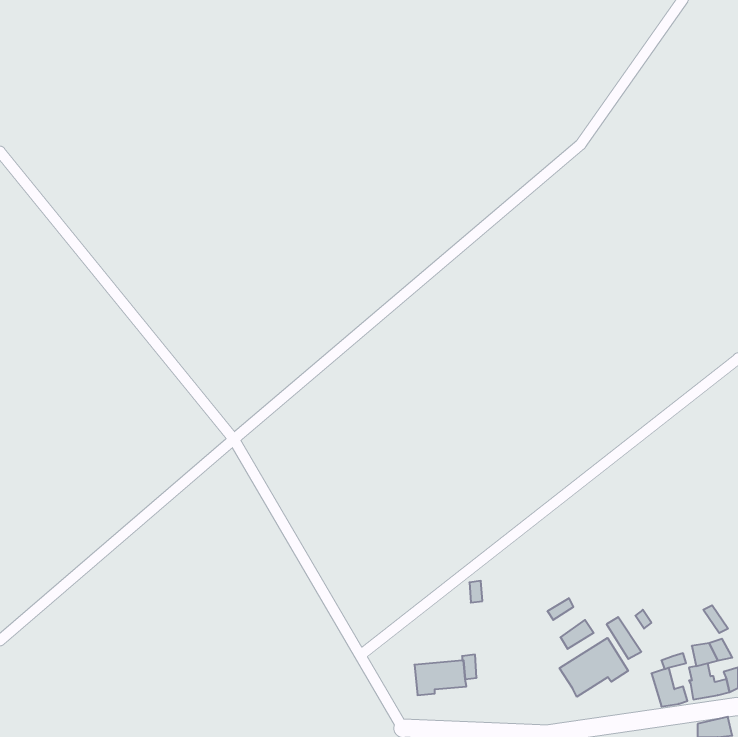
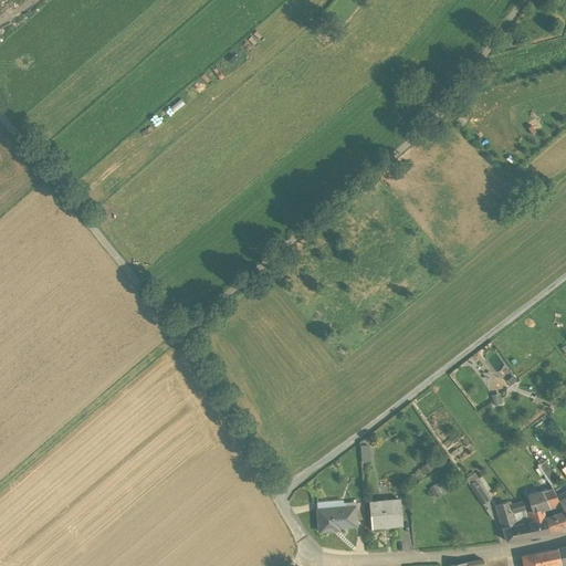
building: [560,638,628,697] -> none
building: none -> [370,501,402,527]

